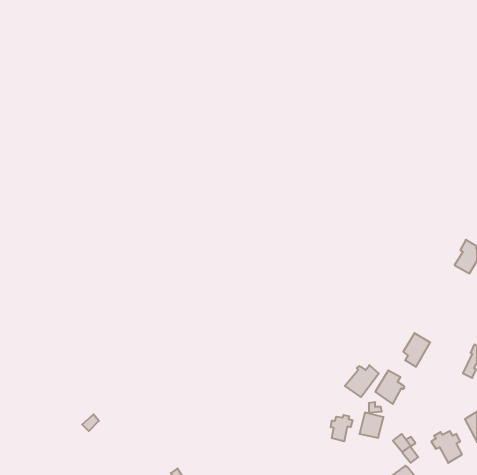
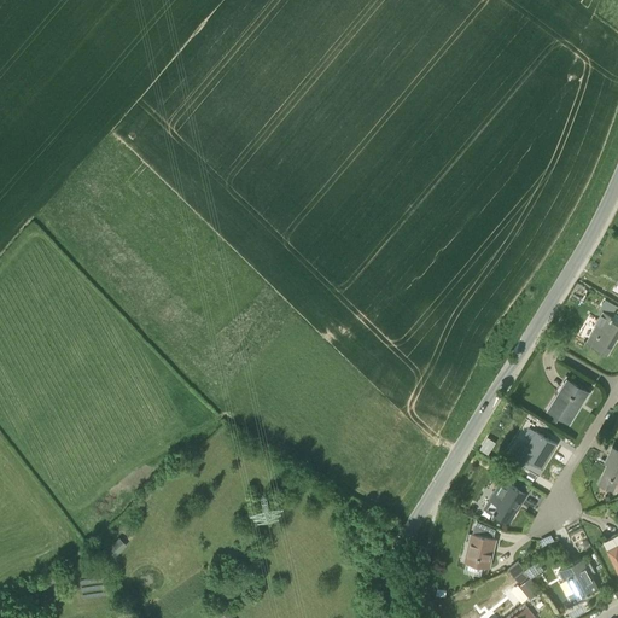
building: none -> [548,383,589,426]
building: [345,365,379,397] -> none
building: [331,415,352,441] -> none

